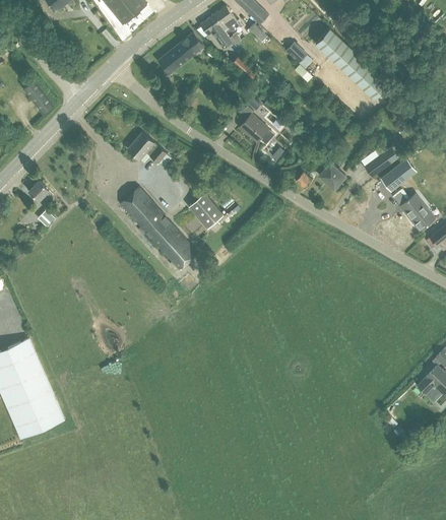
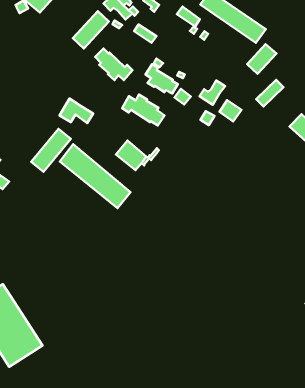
building: none -> [95,49,133,80]
building: none -> [200,80,225,105]
building: none -> [122,94,164,125]
building: [380,158,417,192] -> [247,44,276,74]
building: none -> [31,129,71,172]

